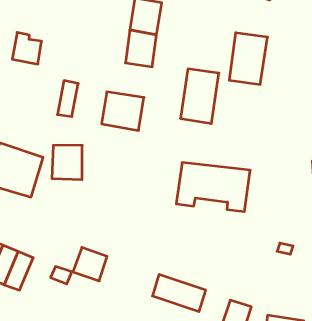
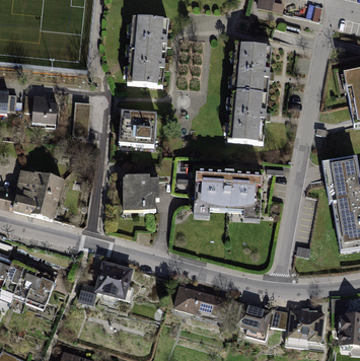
building: [12,32,42,64] -> [30,92,58,122]
building: [180,69,219,124] -> [233,88,268,140]
building: [52,145,82,180] -> [124,174,154,209]

